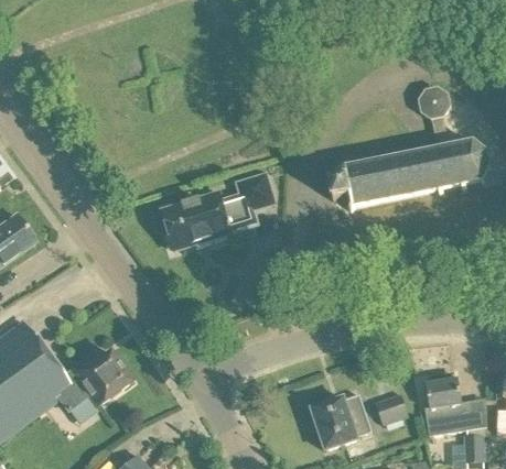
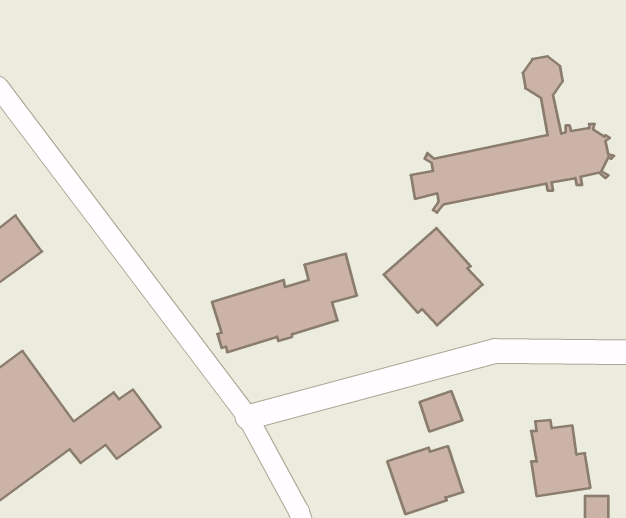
building: [160,172,276,250] -> [212,254,357,352]
building: none -> [384,228,483,325]
building: [374,393,408,425] -> [420,391,462,431]

